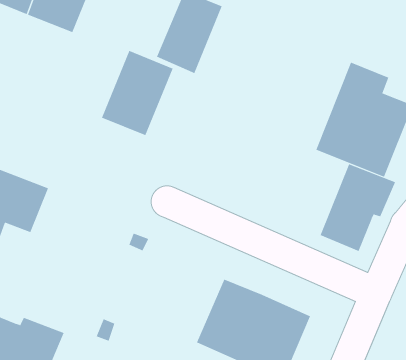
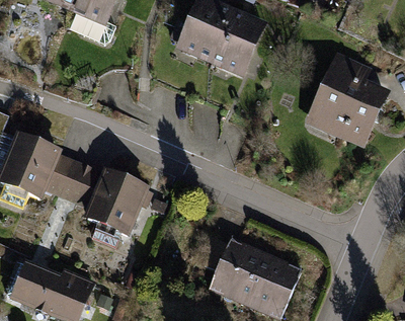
building: [101,50,173,136] -> [204,6,264,78]
building: [320,164,396,252] -> none
building: none -> [66,159,148,237]

